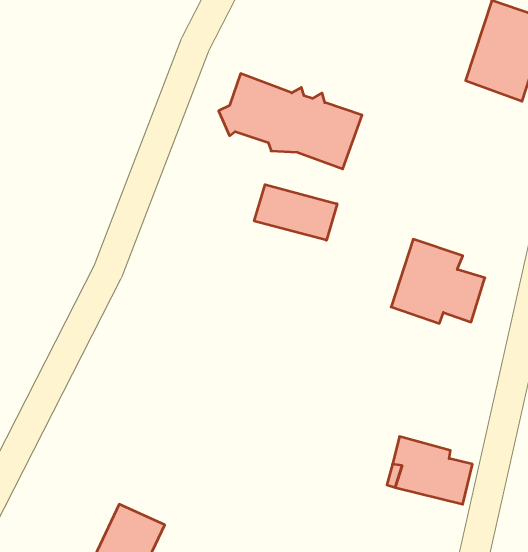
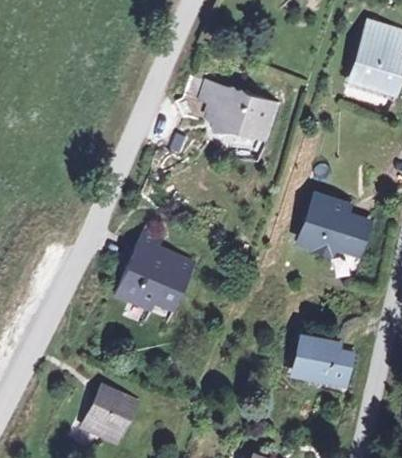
building: [254,185,337,240] -> none
building: none -> [114,233,194,312]

